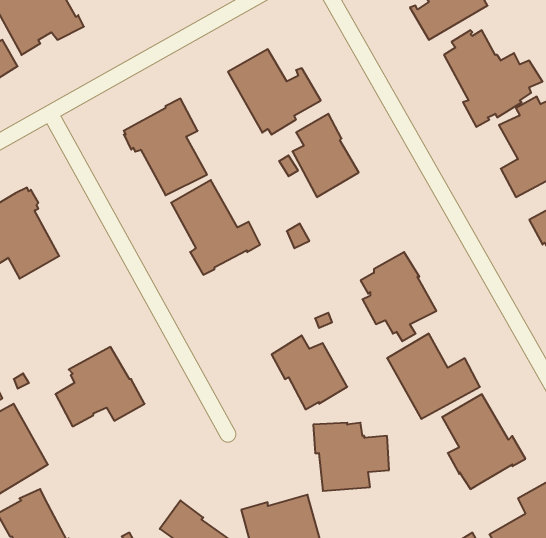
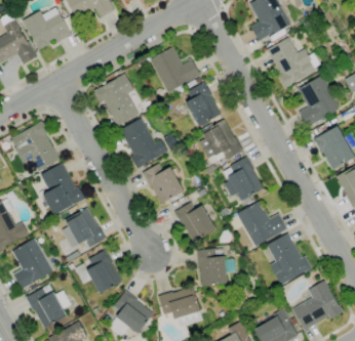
building: none -> [199,120,243,174]
building: none -> [41,163,85,215]
building: none -> [143,163,184,204]
building: none -> [75,250,122,294]

